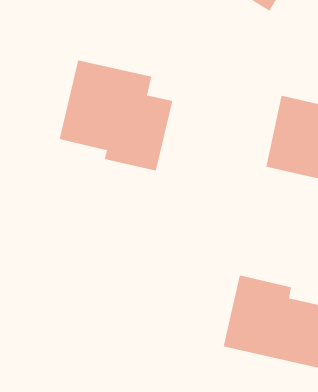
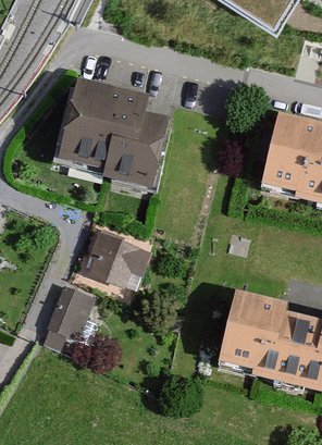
building: none -> [84,234,151,289]
building: none -> [36,287,91,353]

